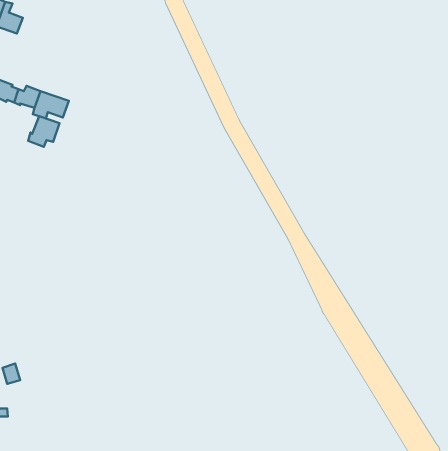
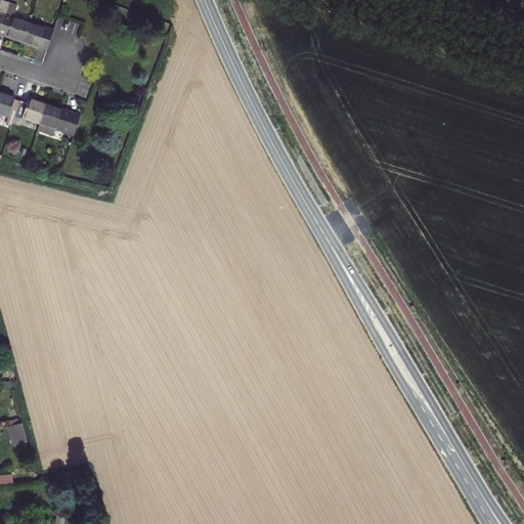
building: none -> [19,20,52,48]
building: [28,116,60,147] -> none

